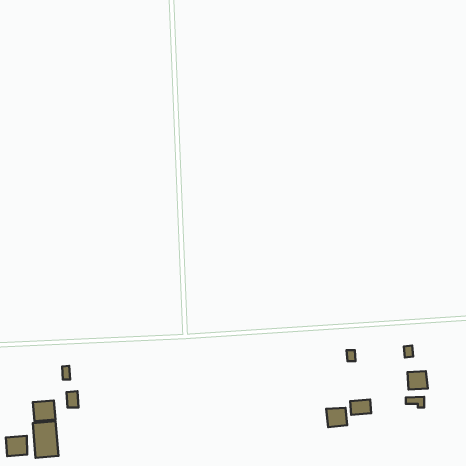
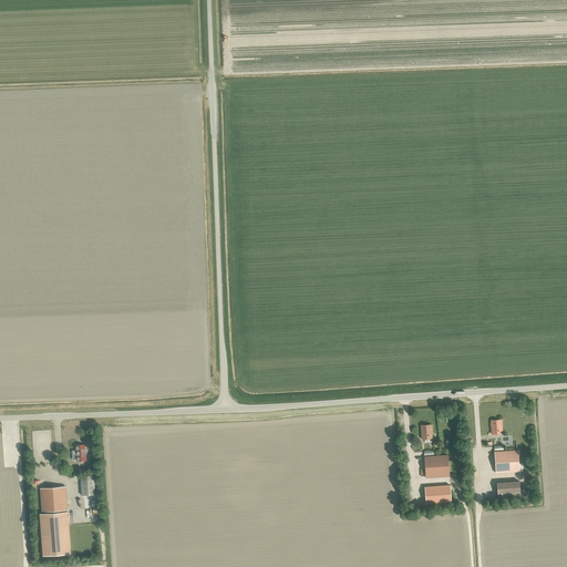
building: [326,408,347,427] -> [424,455,450,478]
building: [6,436,27,456] -> none

